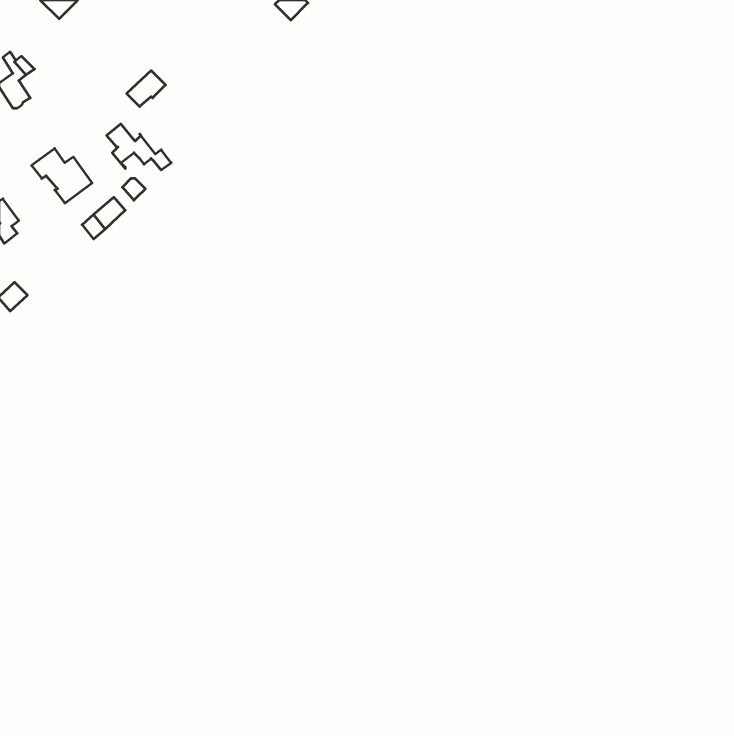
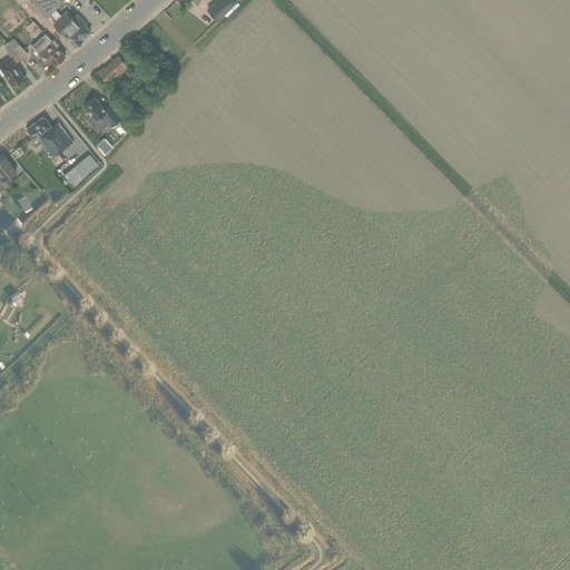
building: none -> [53,11,89,46]
building: none -> [31,33,63,63]

